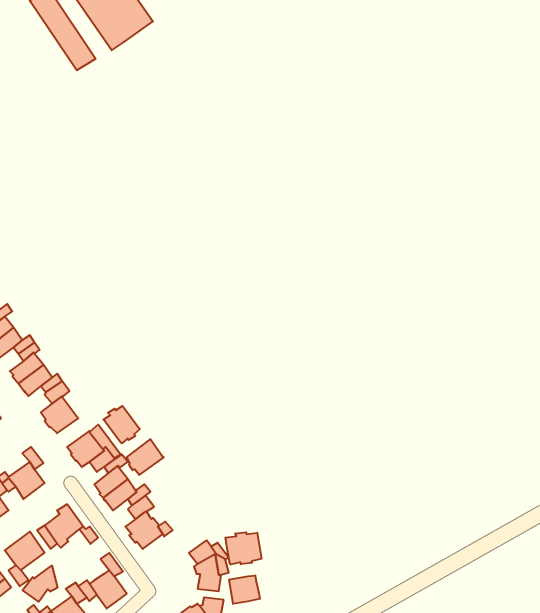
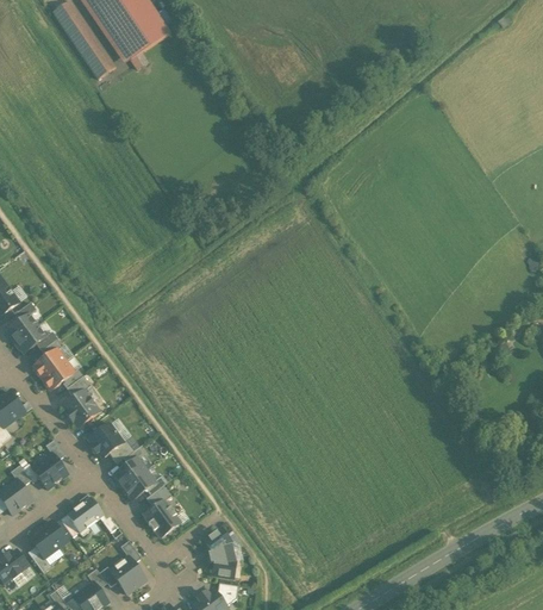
building: [103,406,140,443] -> none
building: [127,439,164,475] -> none
building: [225,532,262,565] -> none
building: [23,566,57,602] -> none
building: [229,575,260,604] -> none

